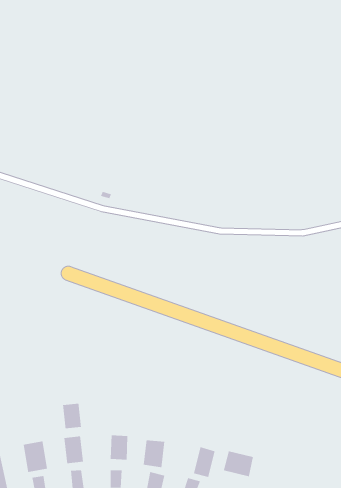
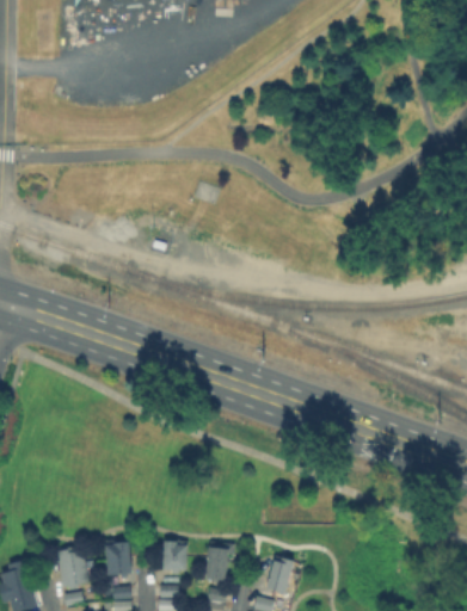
building: [63,403,81,429] -> none
building: [223,450,253,477] -> none

